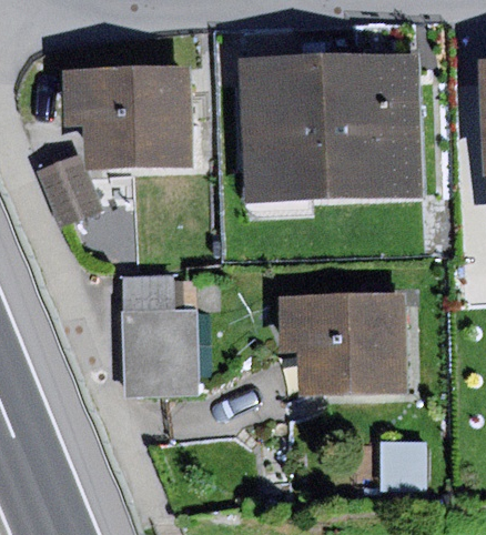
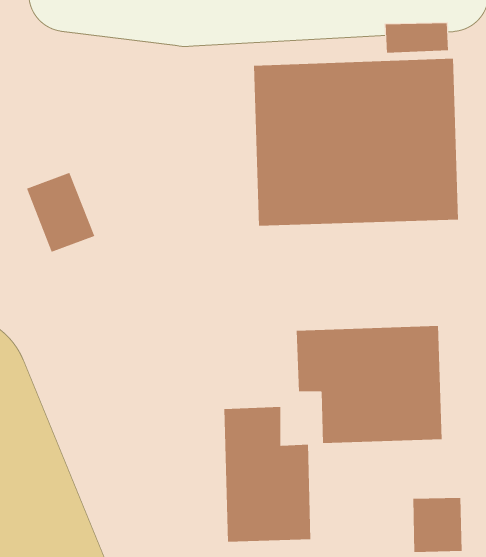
building: [62,65,192,166] -> none
building: [122,275,200,395] -> [223,406,311,542]

